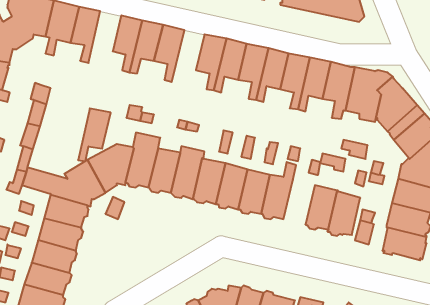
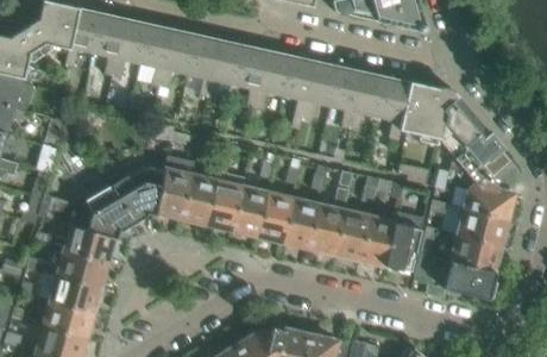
building: none -> [207,39,244,99]
building: [78,108,111,161] -> [113,18,150,77]
building: none -> [333,208,369,258]

